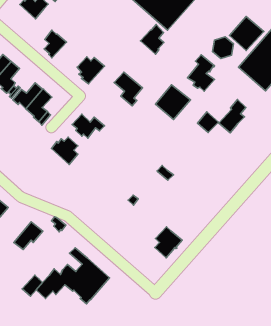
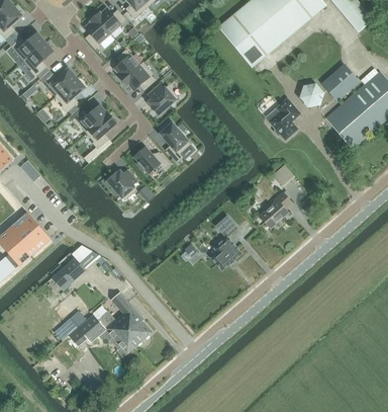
building: none -> [84,15,109,49]
building: [140,25,164,54] -> none
building: none -> [121,61,155,90]
building: [114,72,142,106] -> [160,122,190,161]
building: [156,85,191,119] -> none
building: [219,100,246,133] -> [259,191,291,227]
building: [155,227,182,258] -> [210,235,241,269]

